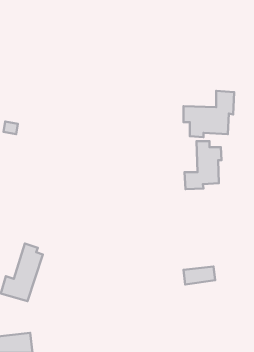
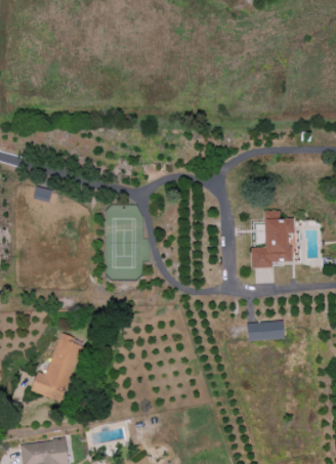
building: [183,91,234,137] -> none
building: [183,267,215,285] -> [247,321,285,342]

